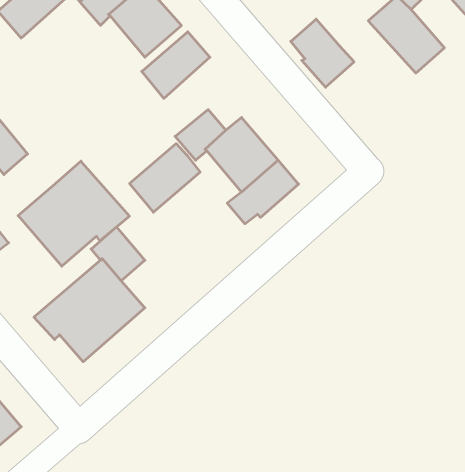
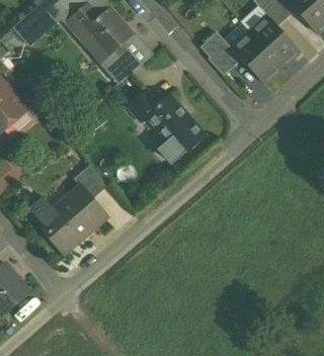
building: none -> [232,33,280,83]
building: [130,144,200,212] -> none
building: [18,161,129,266] -> none

